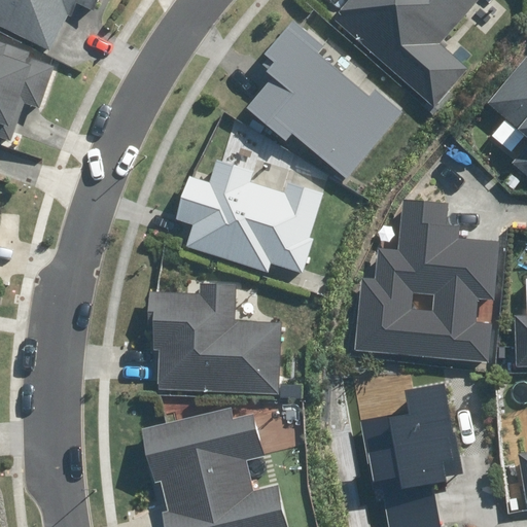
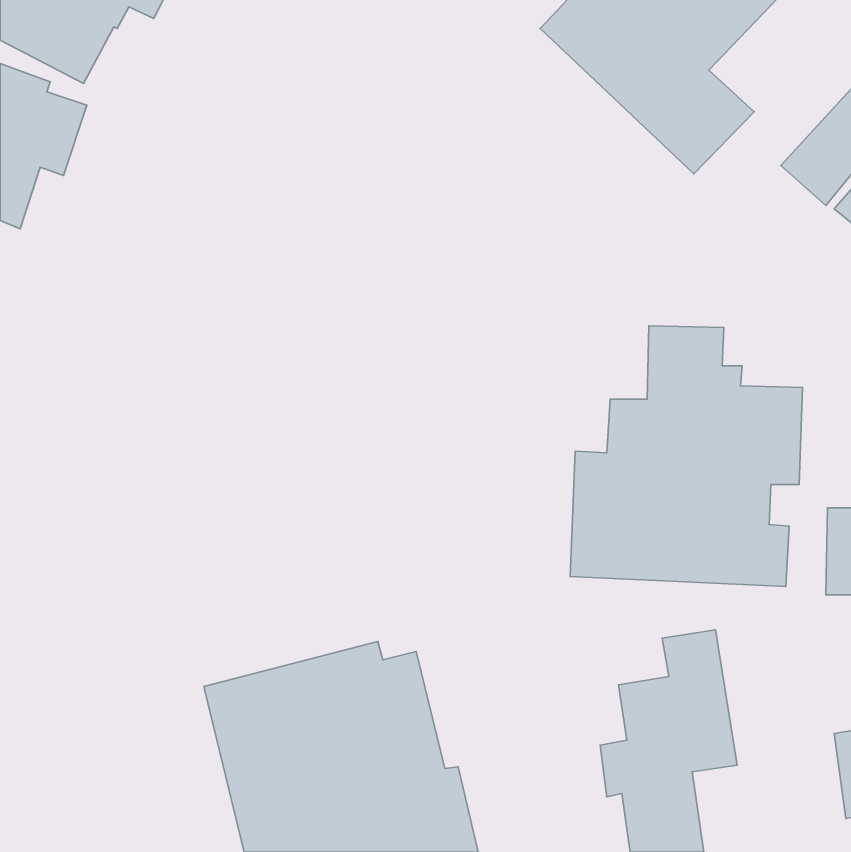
building: [247,20,406,177] -> none
building: [178,160,324,272] -> none
building: [146,283,280,395] -> none

